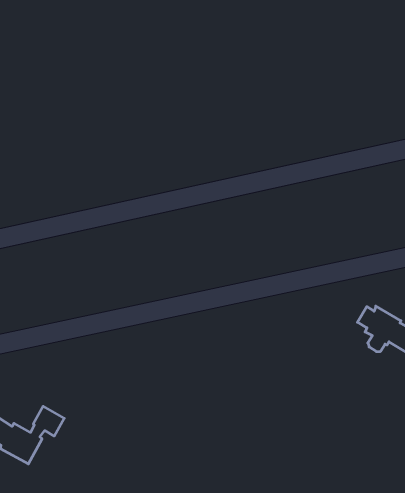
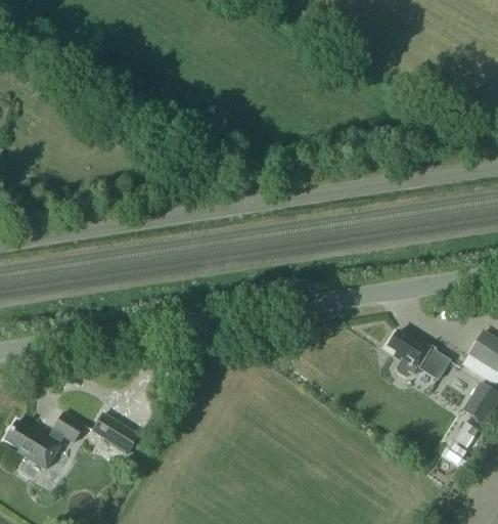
building: none -> [92,412,139,454]

